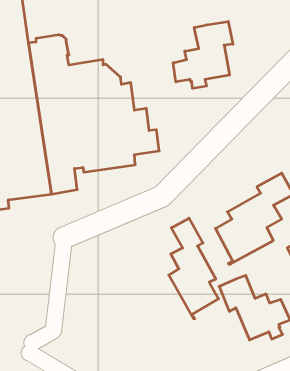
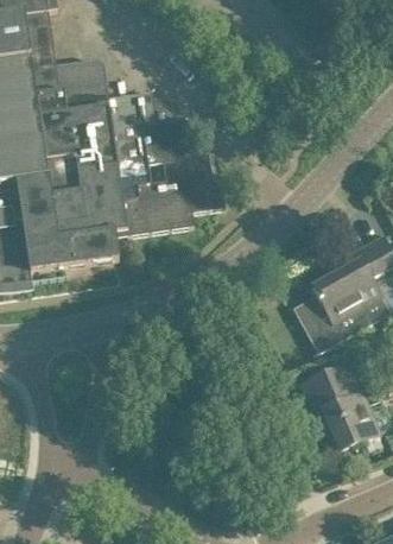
building: [173,21,233,88] -> none
building: [169,218,219,319] -> none

